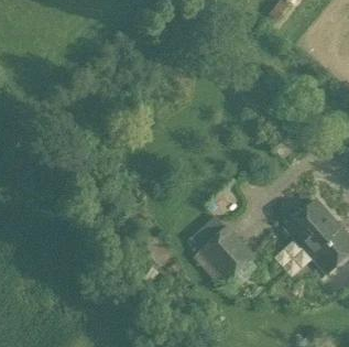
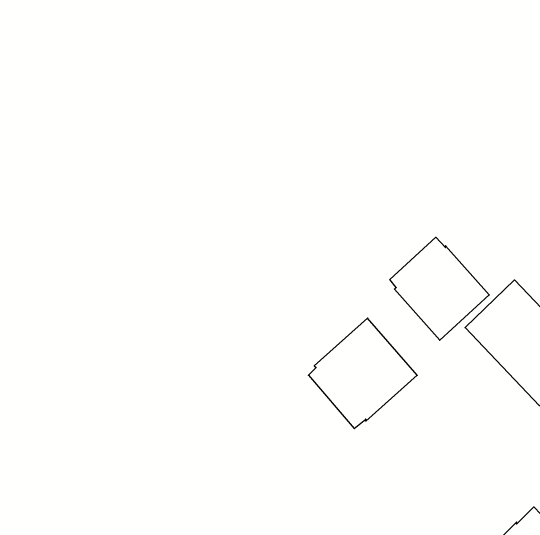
building: none -> [390,237,489,340]

